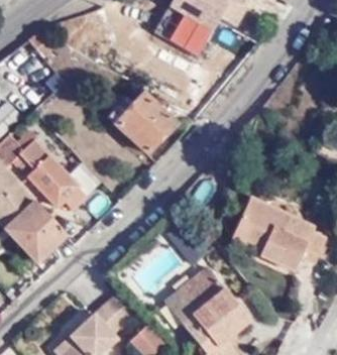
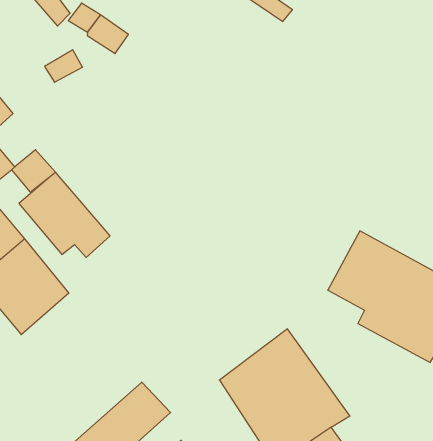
building: [104,94,182,154] -> none

